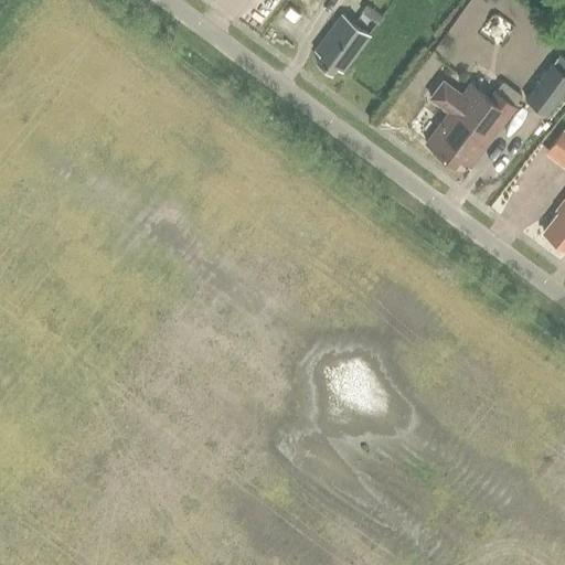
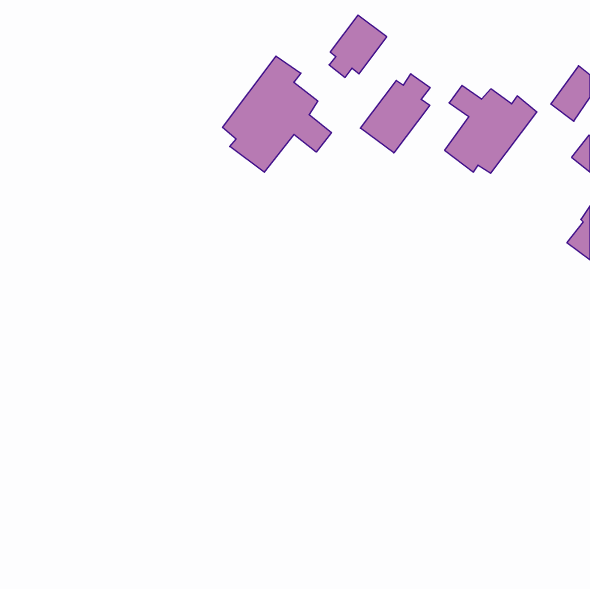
building: none -> [223,56,331,172]
building: none -> [360,74,430,153]

